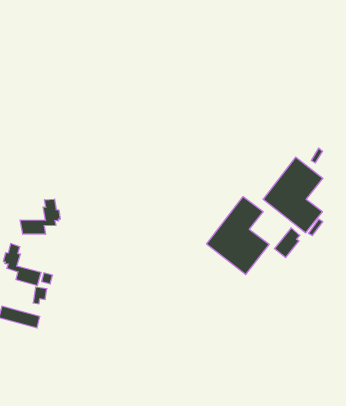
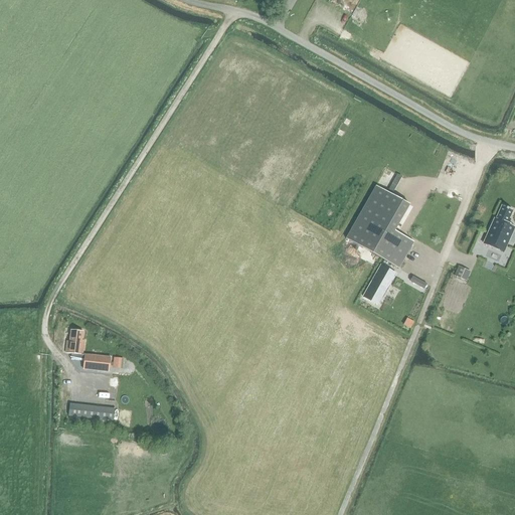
building: [207,197,269,275] -> none
building: [20,199,60,234] -> none

